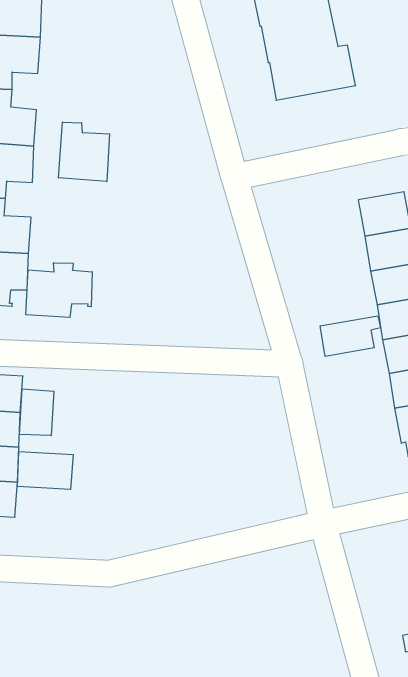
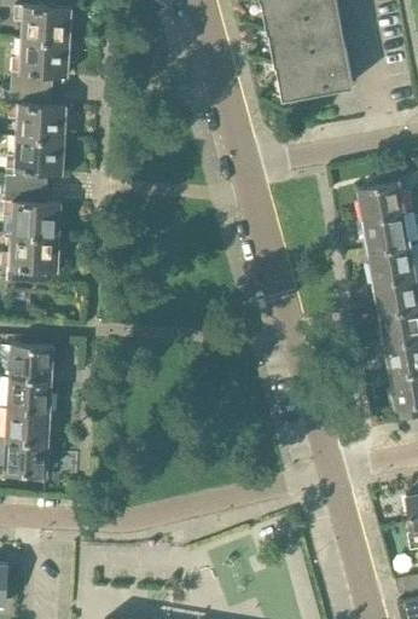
building: [59,122,110,182] -> none
building: [26,263,92,317] -> none
building: [320,316,381,356] -> none
building: [19,389,54,436] -> none
building: [18,452,73,489] -> none

